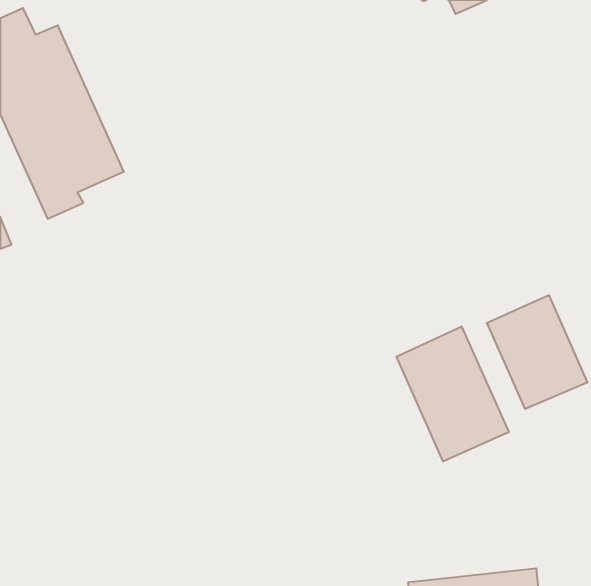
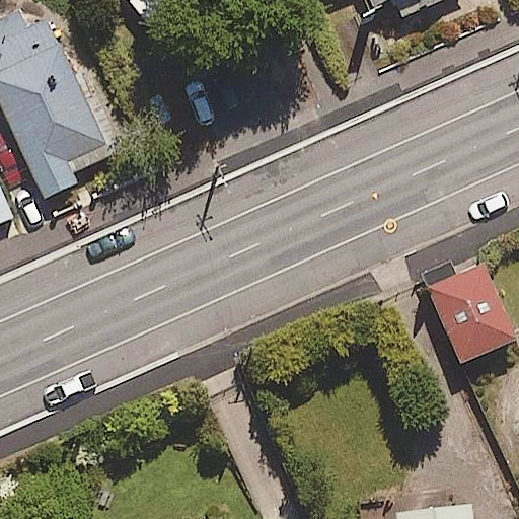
building: [397,326,509,462] -> none

